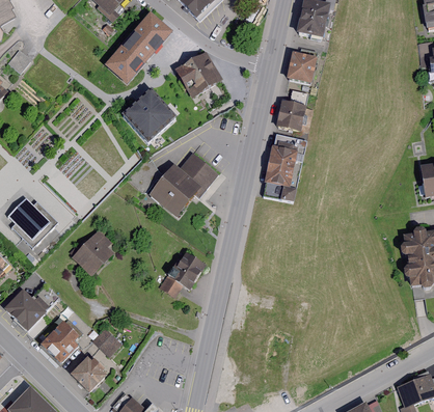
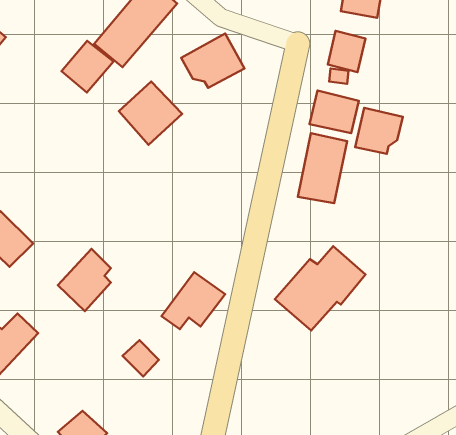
building: none -> [61,41,113,93]
building: none -> [355,108,403,154]
building: [146,152,219,219] -> [275,246,366,330]
building: [43,320,87,364] -> none
building: [92,327,121,356] -> [123,340,159,377]

